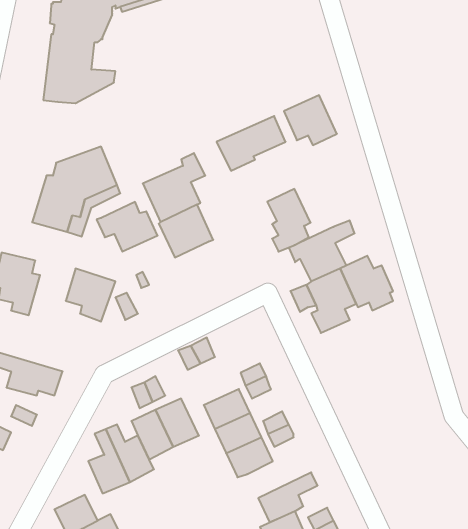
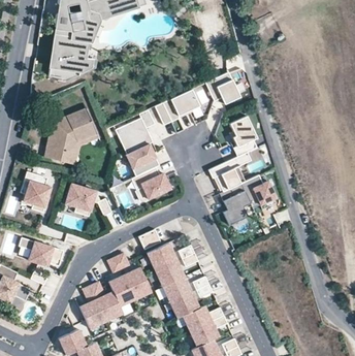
building: [267,189,311,252] -> [231,117,259,157]
building: [97,202,158,252] -> [133,166,172,198]
building: none -> [147,242,178,271]
building: none -> [183,305,224,331]

